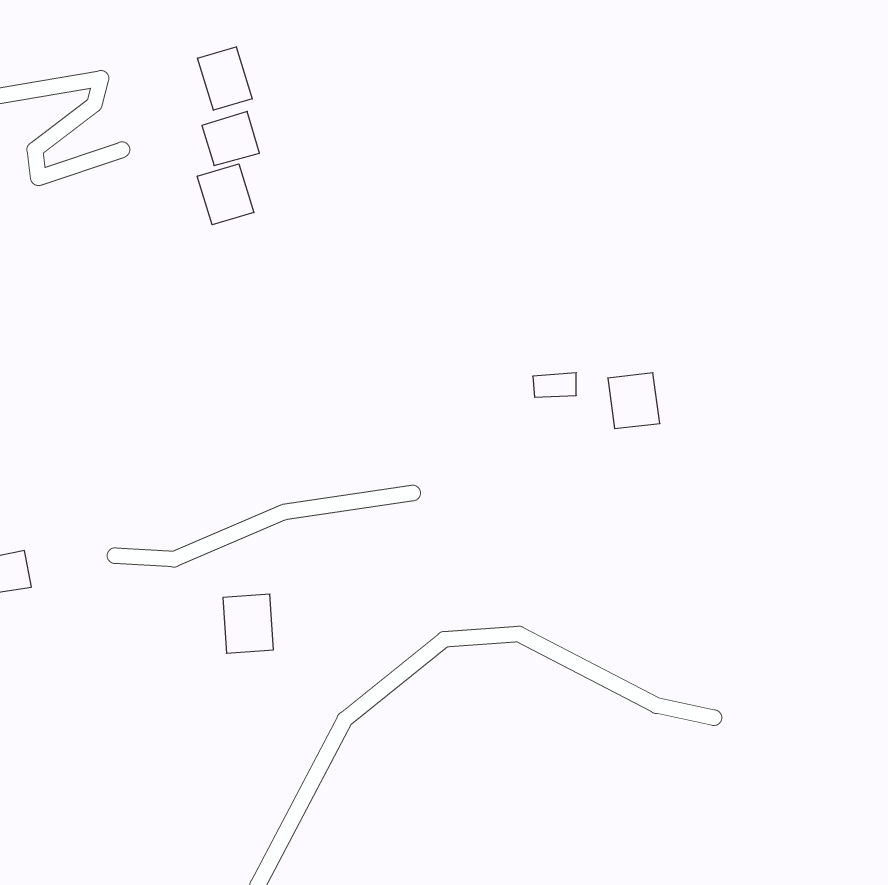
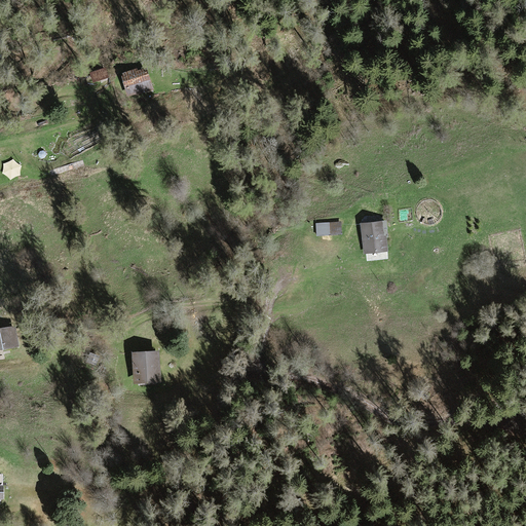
building: [197,47,252,110] -> none
building: [197,164,254,225] -> none

